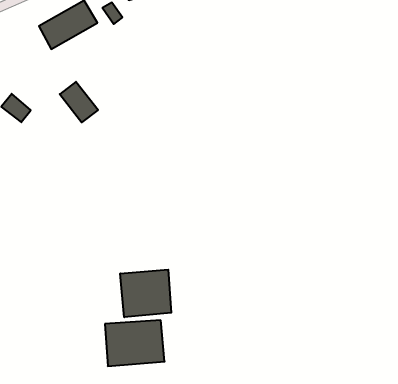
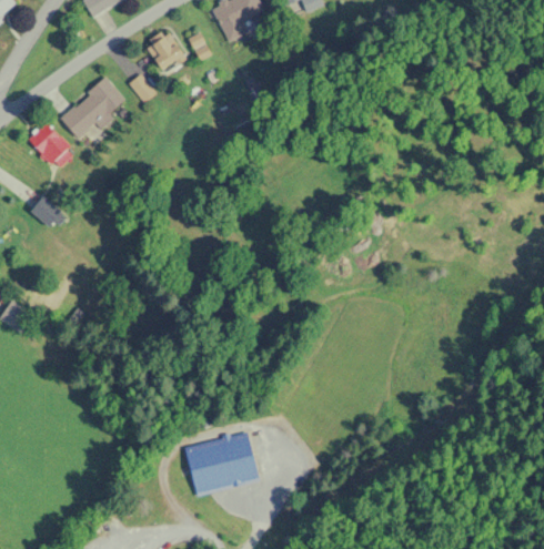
building: [60,82,98,122] -> [28,123,74,169]
building: [120,270,171,317] -> none

